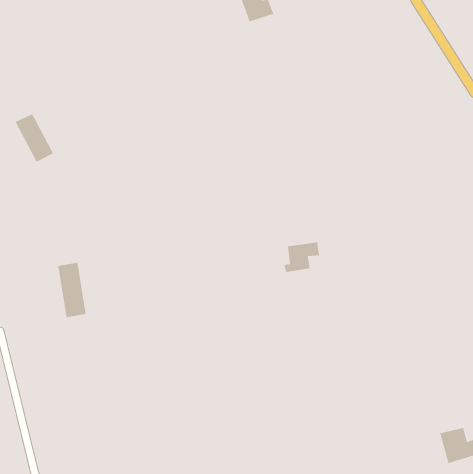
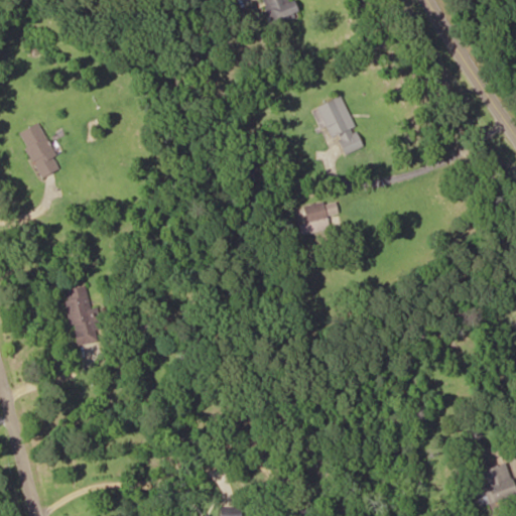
building: none -> [317,96,363,156]
building: [284,242,320,272] -> [299,200,339,233]

